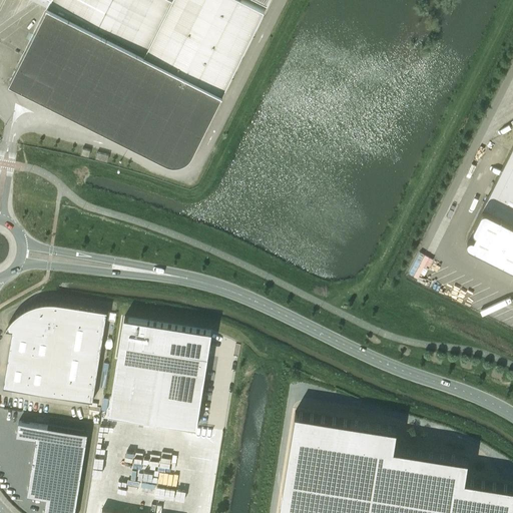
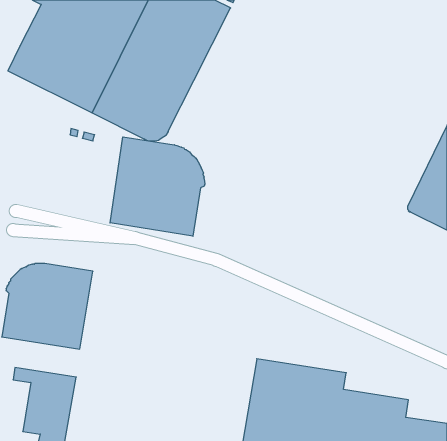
building: none -> [110,137,205,236]
building: [110,325,212,434] -> none

